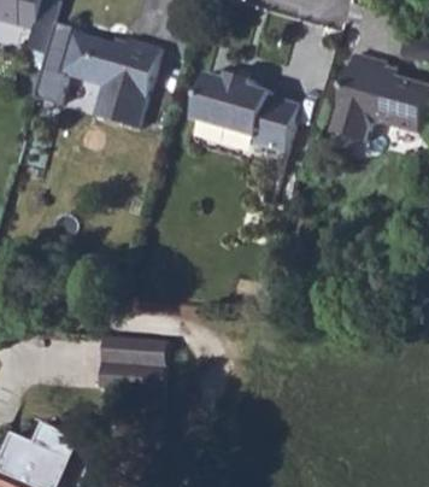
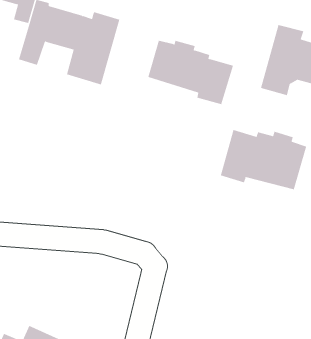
building: none -> [220,129,307,190]
building: [99,336,164,391] -> none

